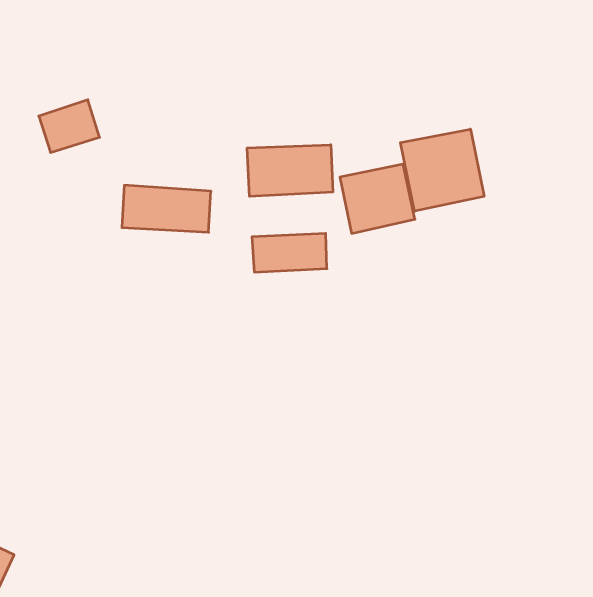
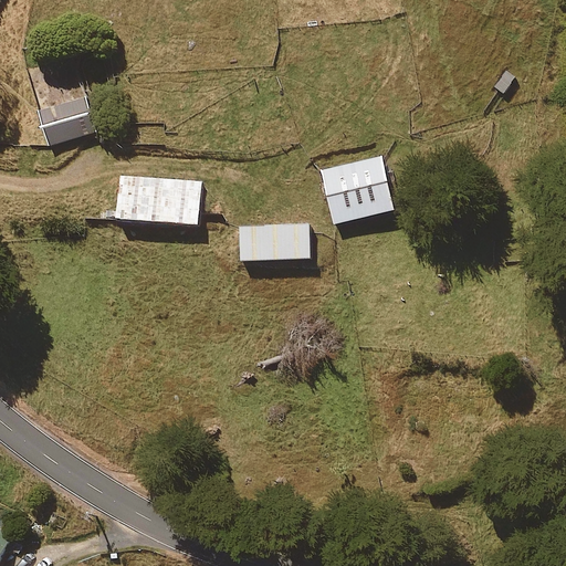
building: [400,129,484,211] -> none
building: [247,145,333,196] -> none

